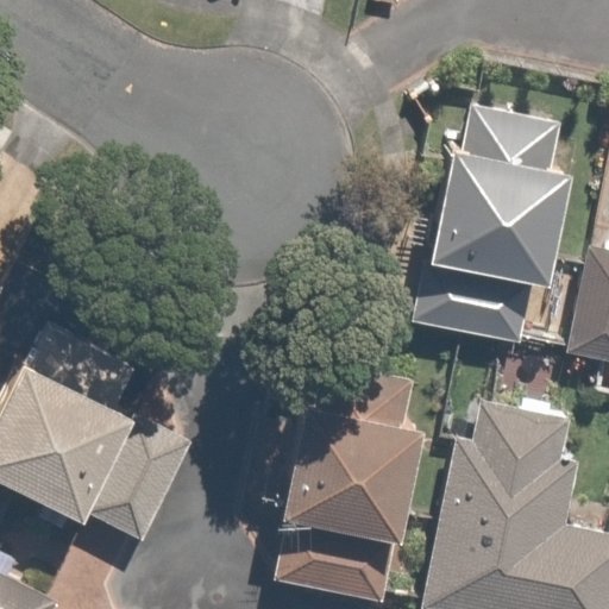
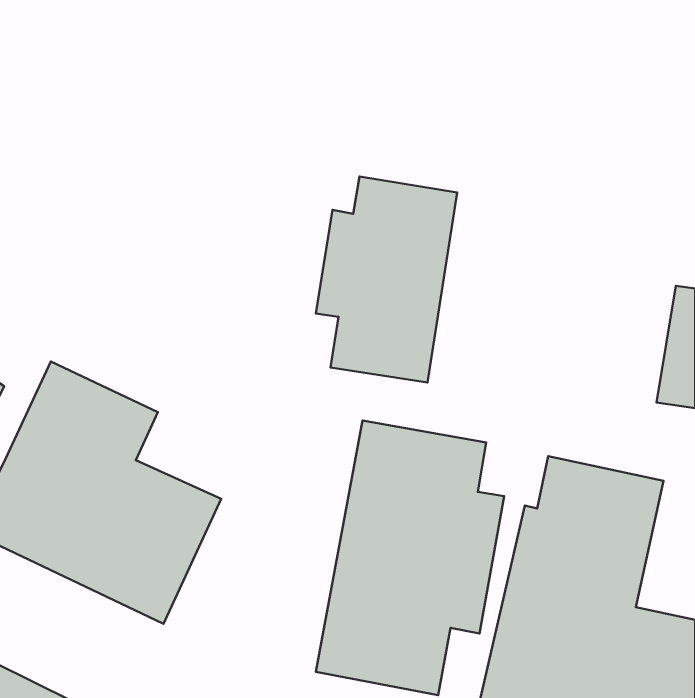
building: [423,109,576,347] -> none
building: none -> [316,177,457,382]

